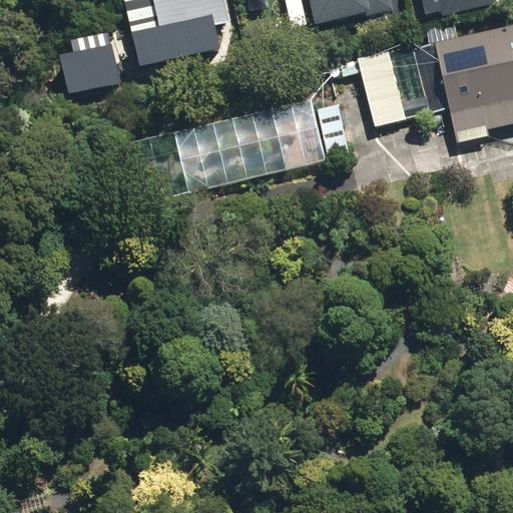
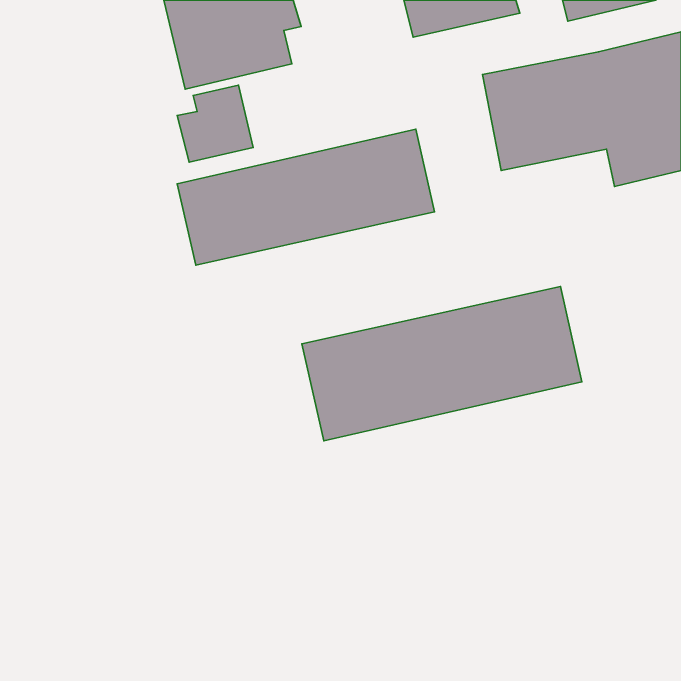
building: [61,34,118,92] -> [177,85,253,162]
building: none -> [302,286,582,441]

